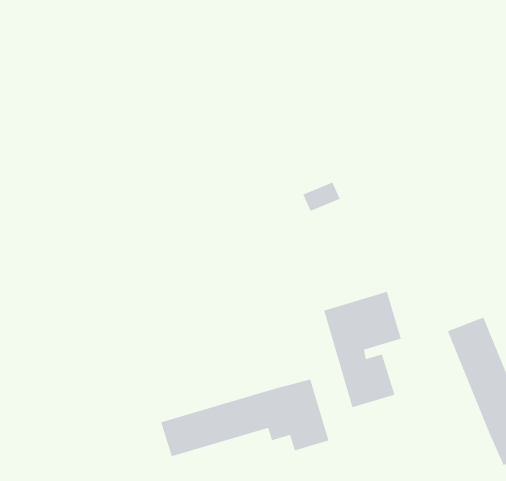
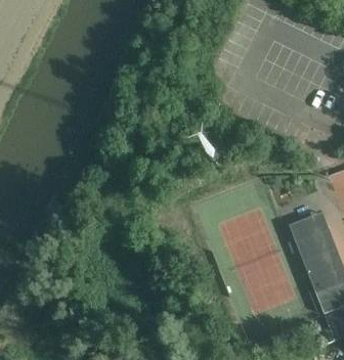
building: [160,379,330,457] -> none

